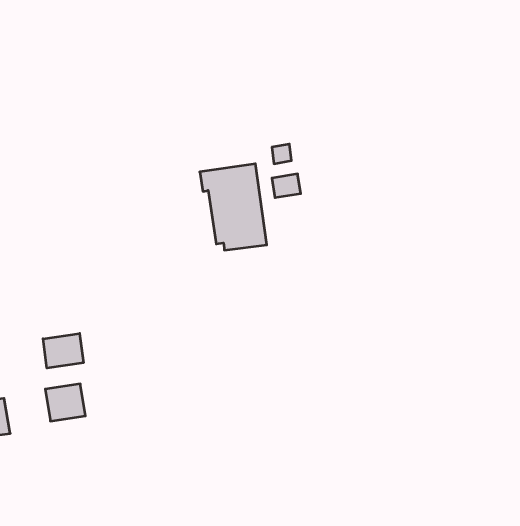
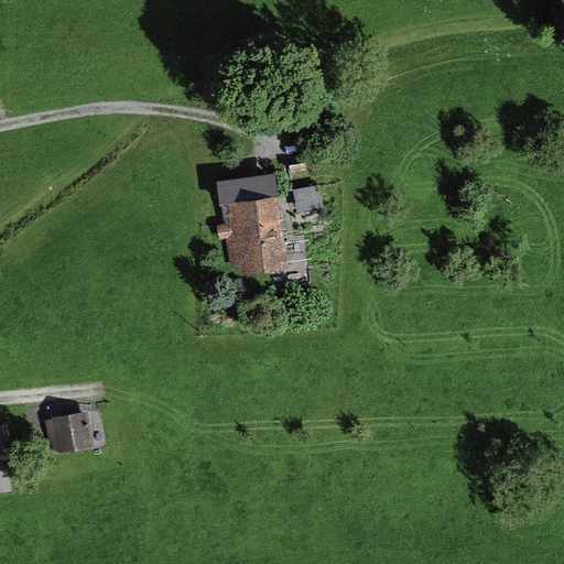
building: [43,333,83,368] -> none

